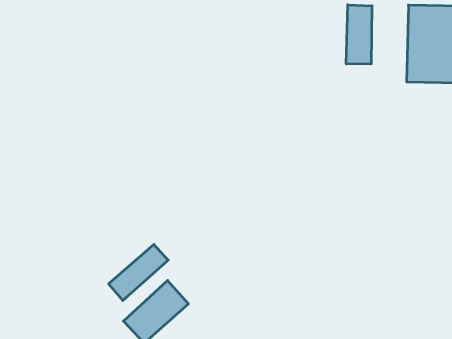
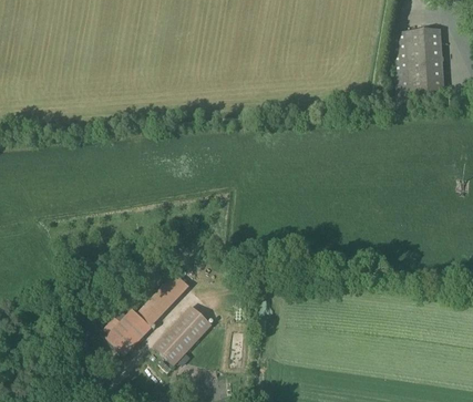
building: [346,5,372,64] -> none
building: none -> [107,310,152,354]

